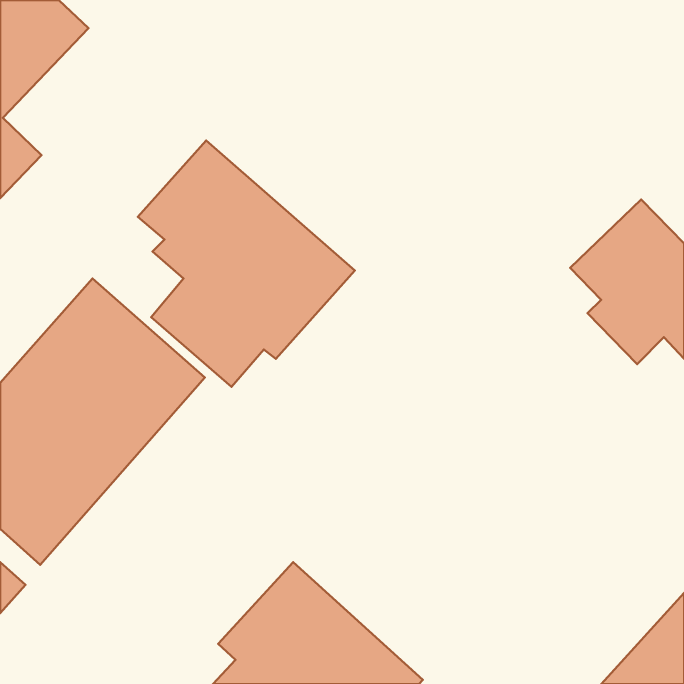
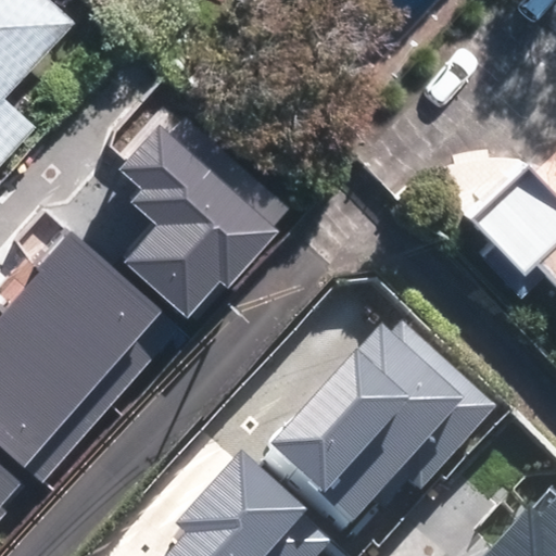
building: none -> [269,314,496,531]

